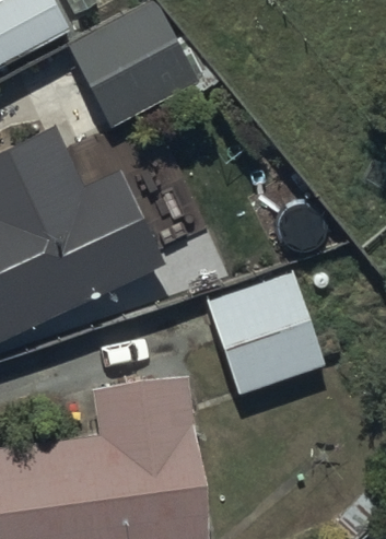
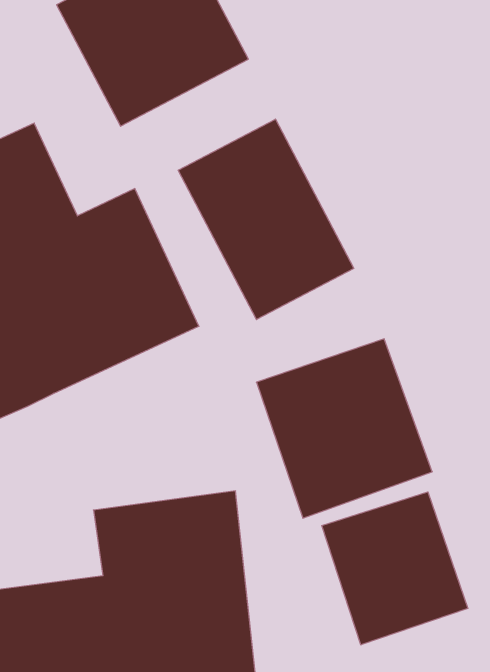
building: none -> [178,119,354,320]
building: none -> [322,492,468,645]

